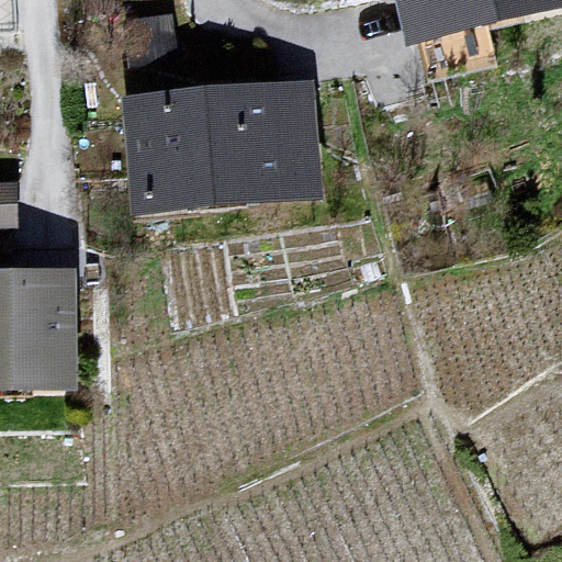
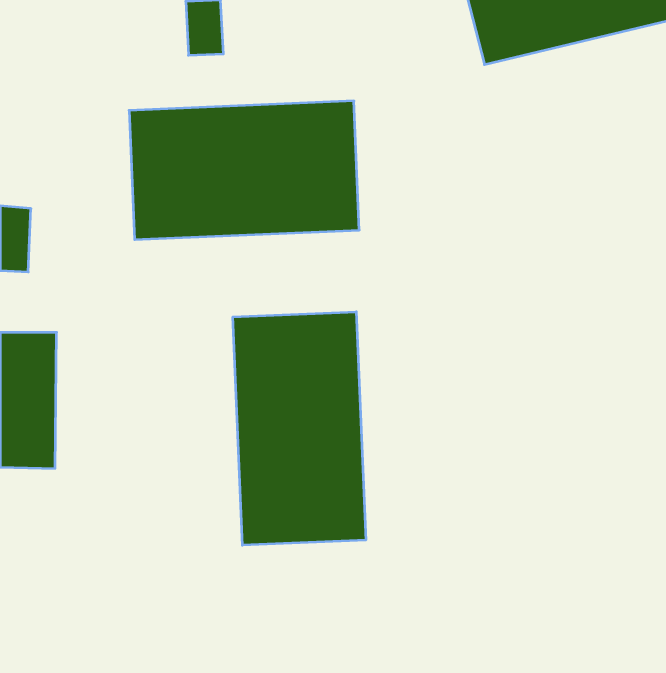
building: none -> [233,312,366,545]

